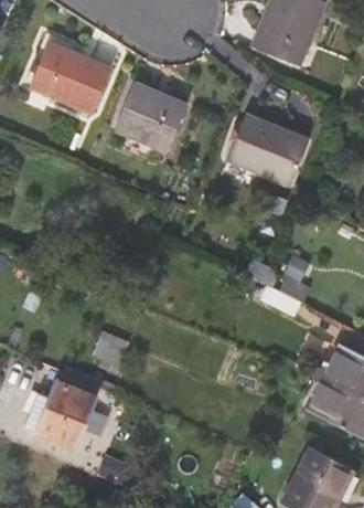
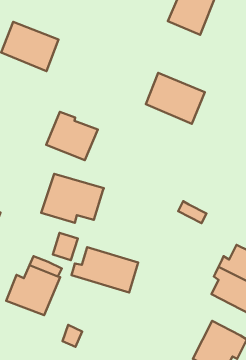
building: [108,82,179,148] -> [46,112,98,160]
building: none -> [41,174,104,223]
building: none -> [71,247,138,293]

